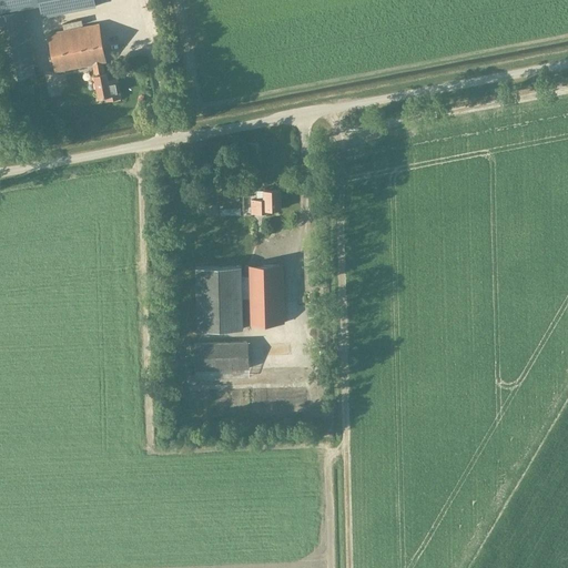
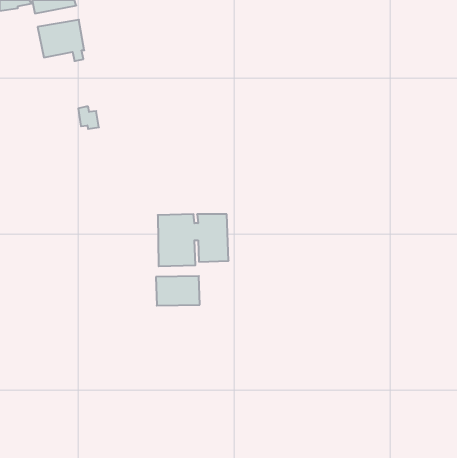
building: [93,73,119,101] -> [78,107,99,129]
building: [250,190,280,213] -> none

